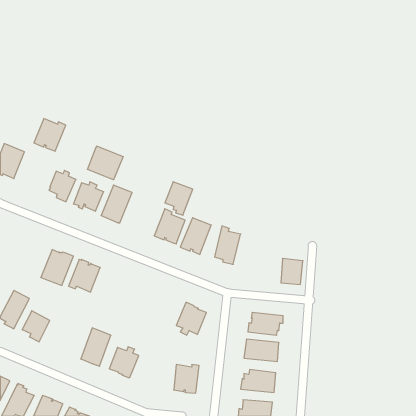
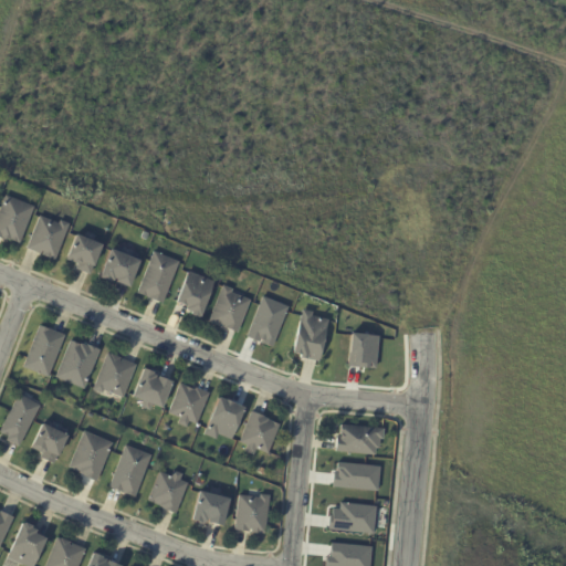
building: [34,119,66,151] -> [28,214,71,259]
building: [88,146,123,180] -> none
building: [165,182,193,215] -> [177,272,214,317]
building: none -> [24,324,66,375]
building: [281,258,303,284] -> [347,332,377,367]
building: none -> [134,366,174,410]
building: none -> [169,381,211,426]
building: none -> [205,396,247,439]
building: none -> [70,430,113,481]
building: none -> [193,490,230,525]

